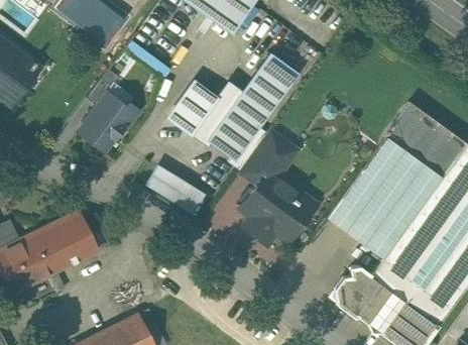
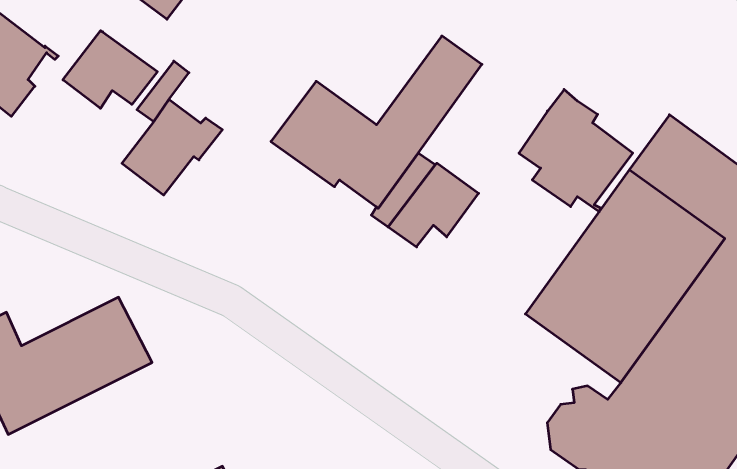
building: none -> [63,31,157,108]
building: [145,164,207,215] -> none
building: [240,169,309,243] -> [519,89,633,212]

